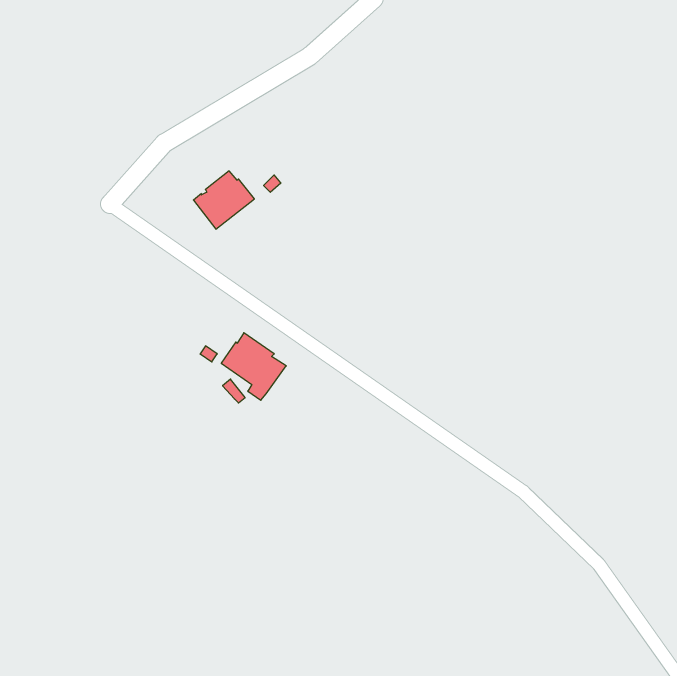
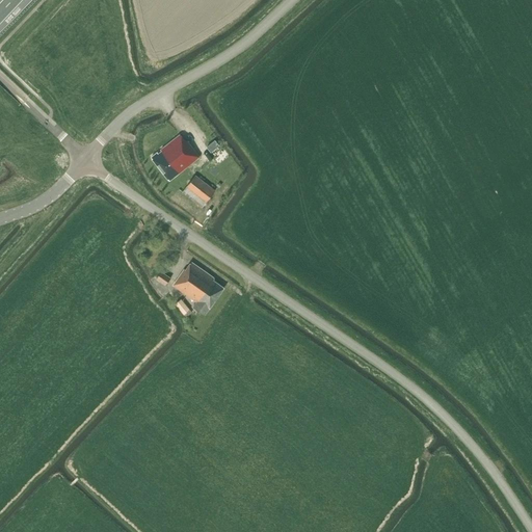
building: none -> [183,175,215,207]

